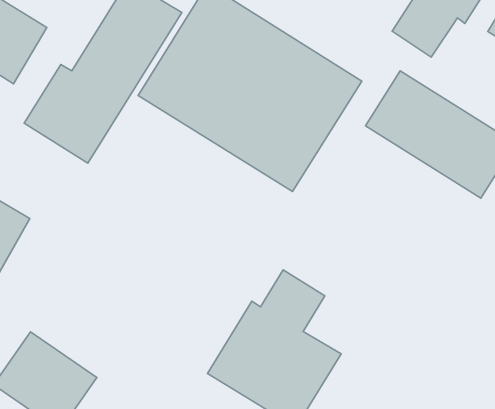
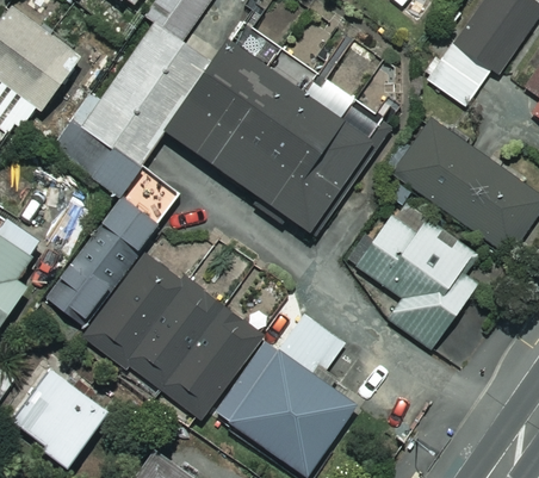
building: none -> [43,167,181,335]
building: none -> [349,195,491,348]
building: none -> [85,256,258,422]

